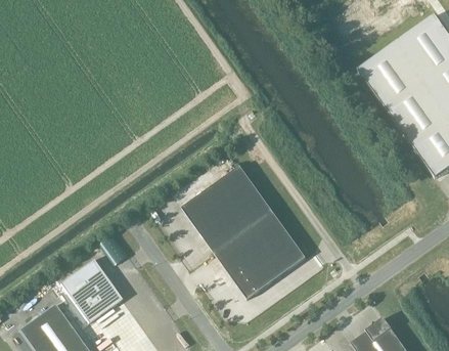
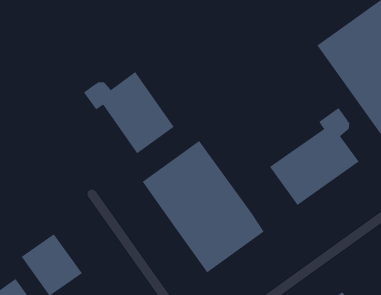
building: none -> [83,71,175,154]
building: none -> [269,107,359,206]

